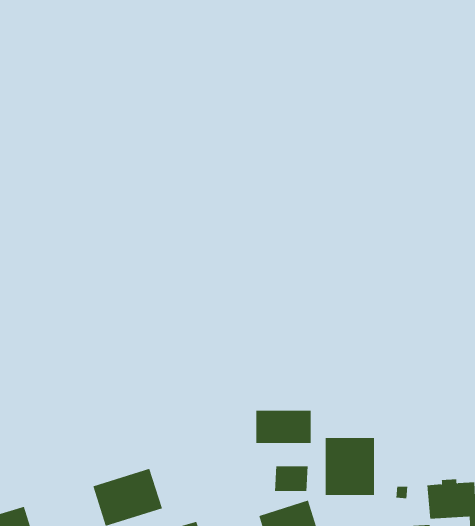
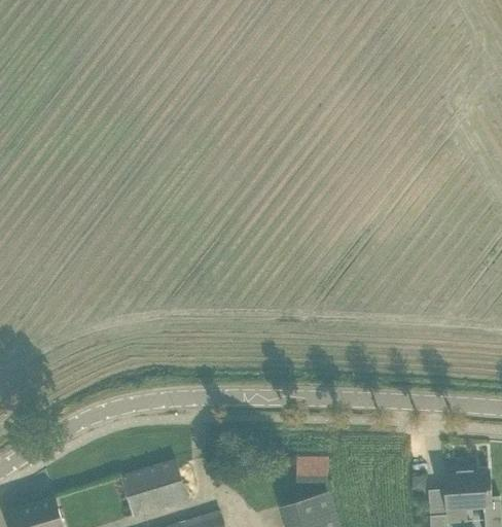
building: [256,410,311,444] -> none
building: [325,437,374,496] -> none

